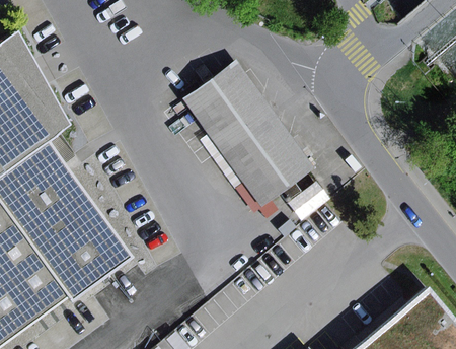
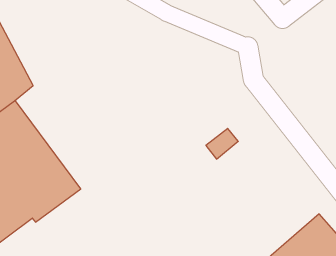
building: [180,61,312,207] -> none

